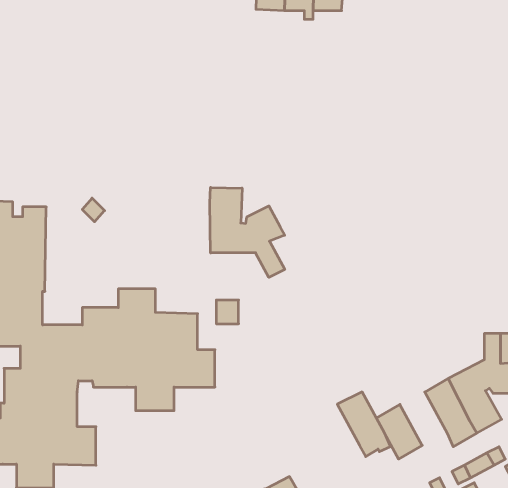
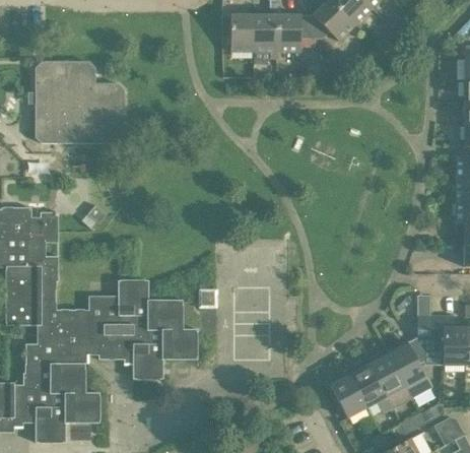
building: none -> [35,59,125,141]
building: [210,187,285,277] -> none
building: [337,392,391,457] -> [348,363,392,415]

